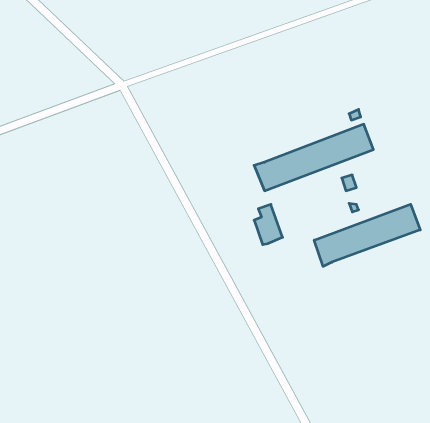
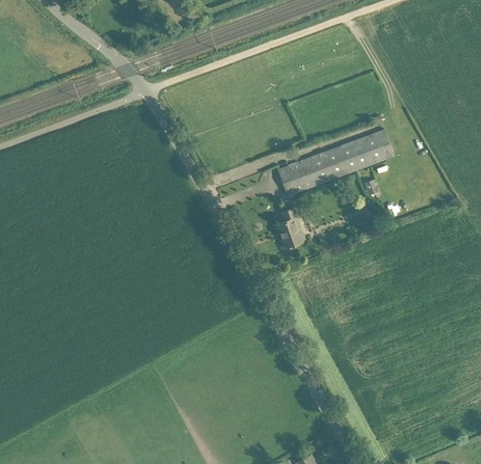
building: [314,204,420,266] -> none

